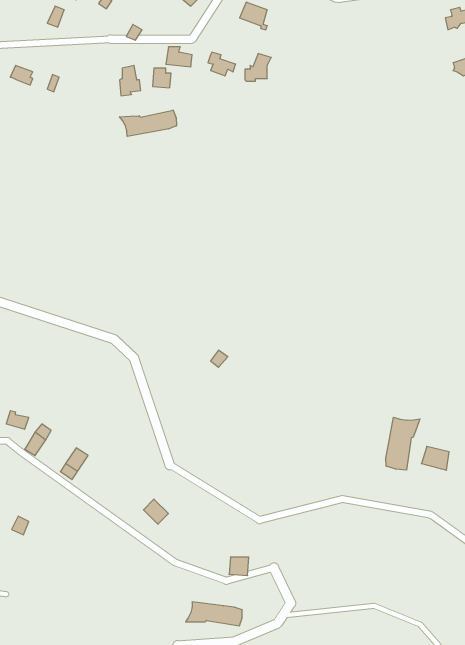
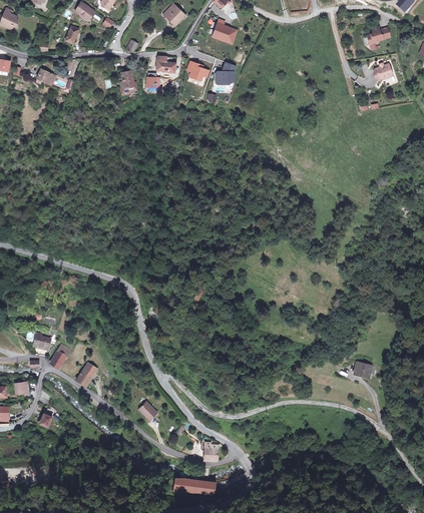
building: [120,110,176,136] -> none
building: [386,417,420,470] -> none

